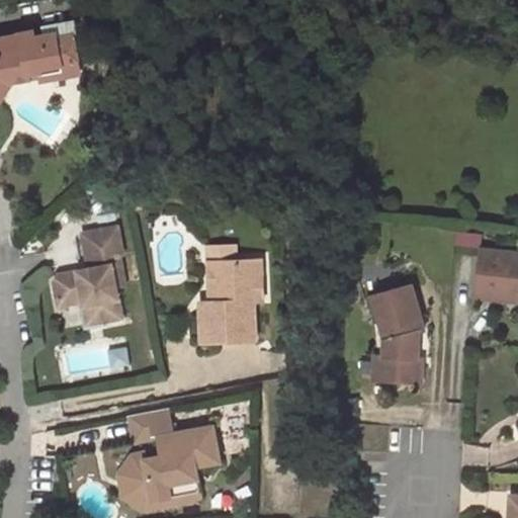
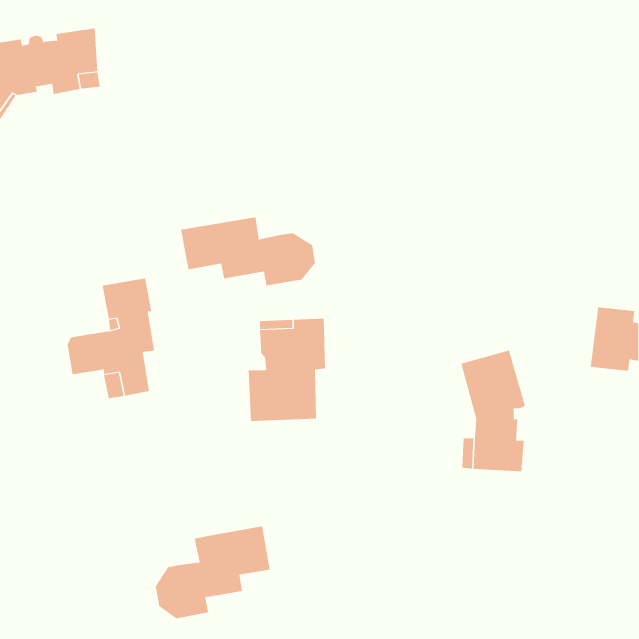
building: none -> [181,216,316,286]
building: [128,408,172,440] -> none
building: [117,451,199,509] -> none

